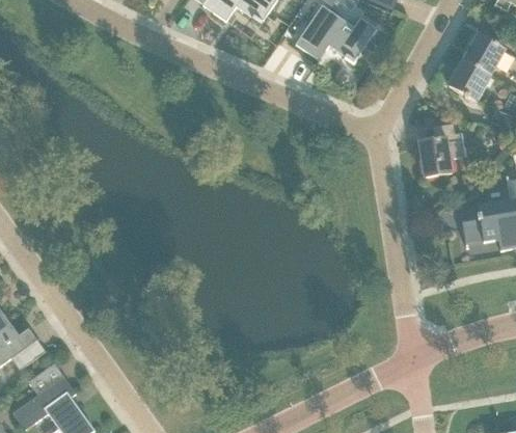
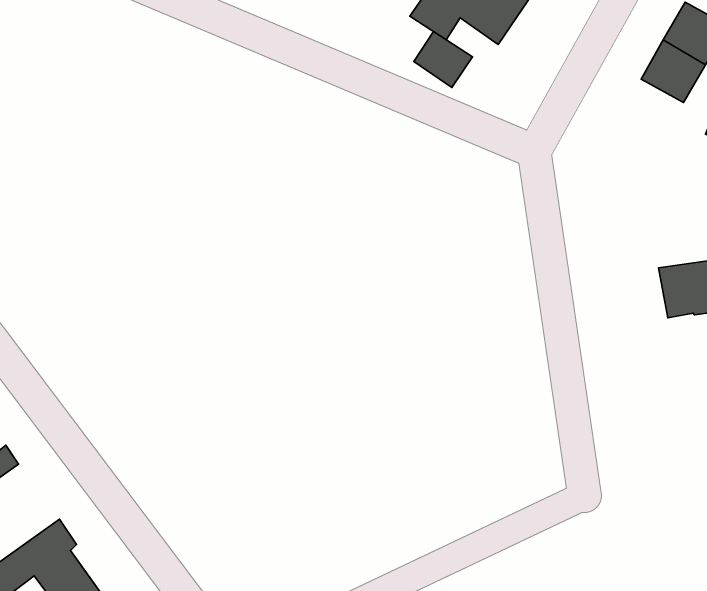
building: none -> [414,32,473,87]
building: [418,123,465,175] -> none

